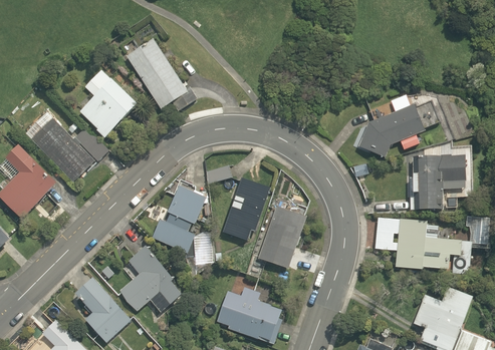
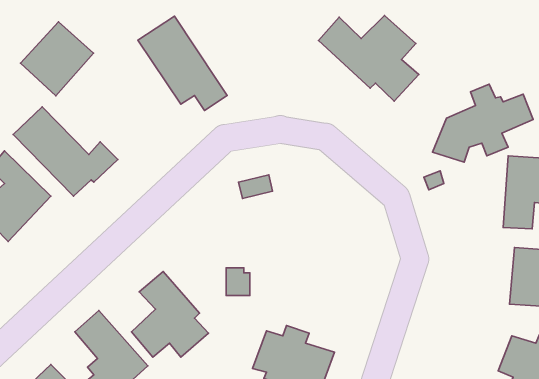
building: none -> [319,15,419,101]
building: [74,79,133,138] -> [21,22,94,96]
building: [220,176,271,241] -> none
building: [153,186,205,252] -> none
building: [256,205,305,268] -> none
building: [375,217,425,269] -> none

